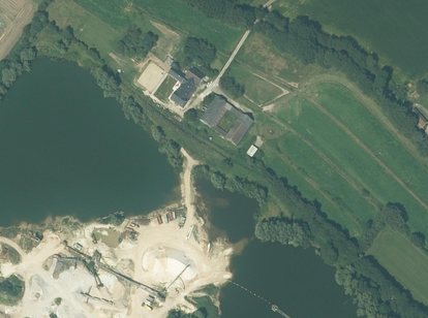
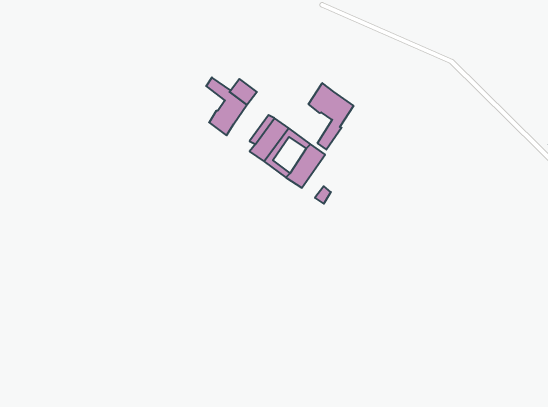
building: none -> [309,83,353,150]

